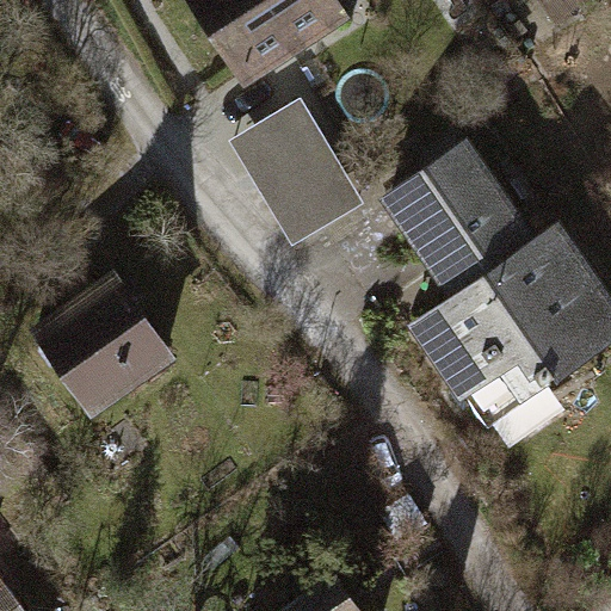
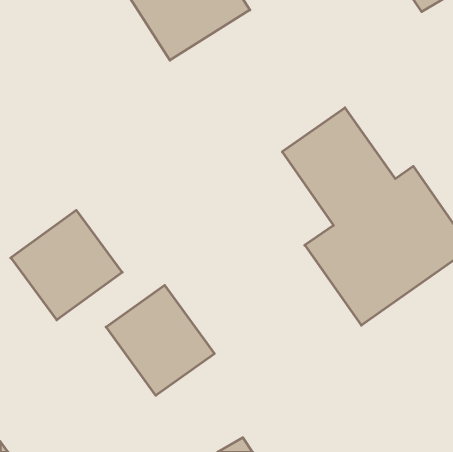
building: [237,86,371,232] -> none
building: none -> [106,285,214,395]

